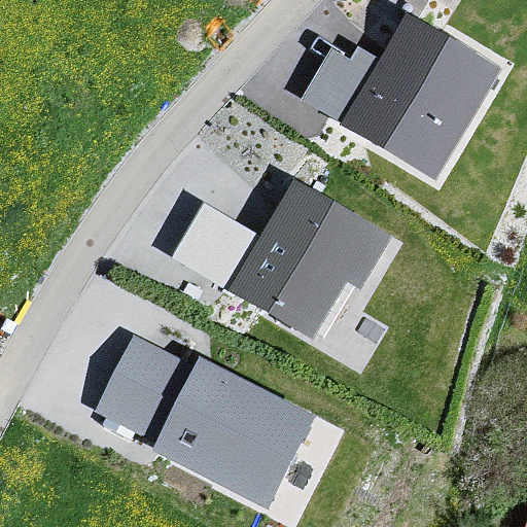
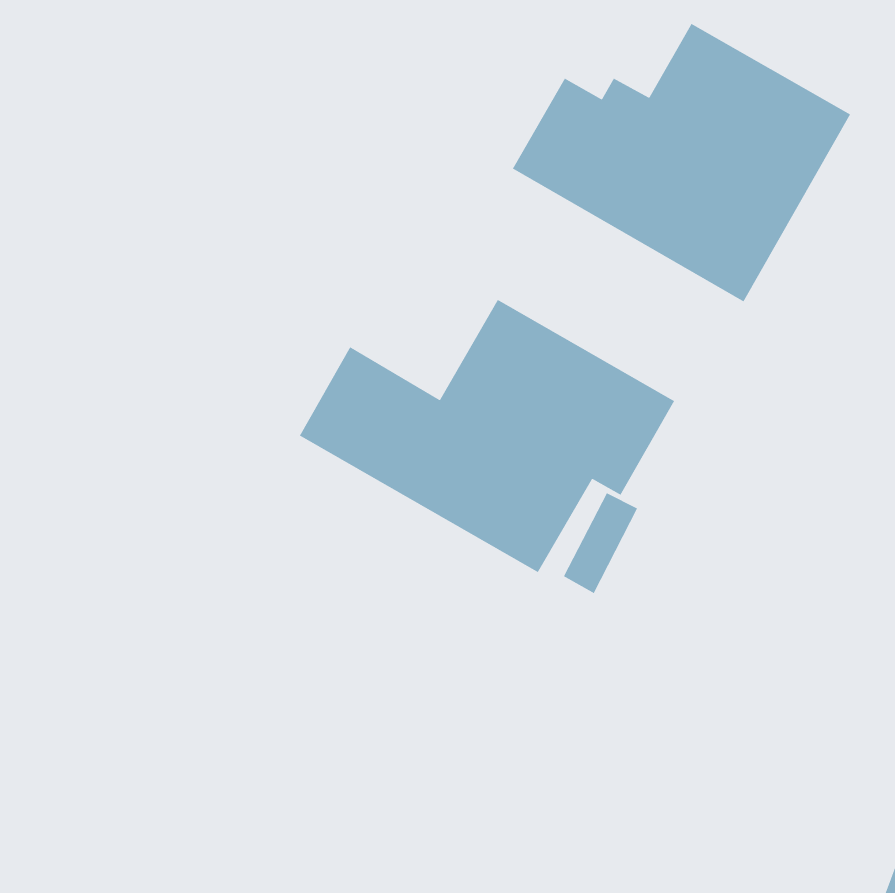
building: [94,335,320,512] -> none

